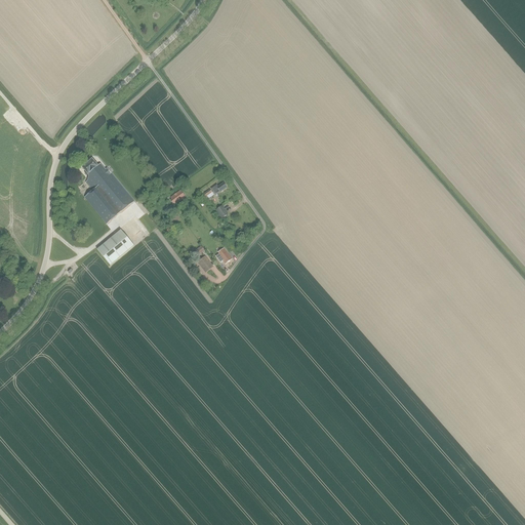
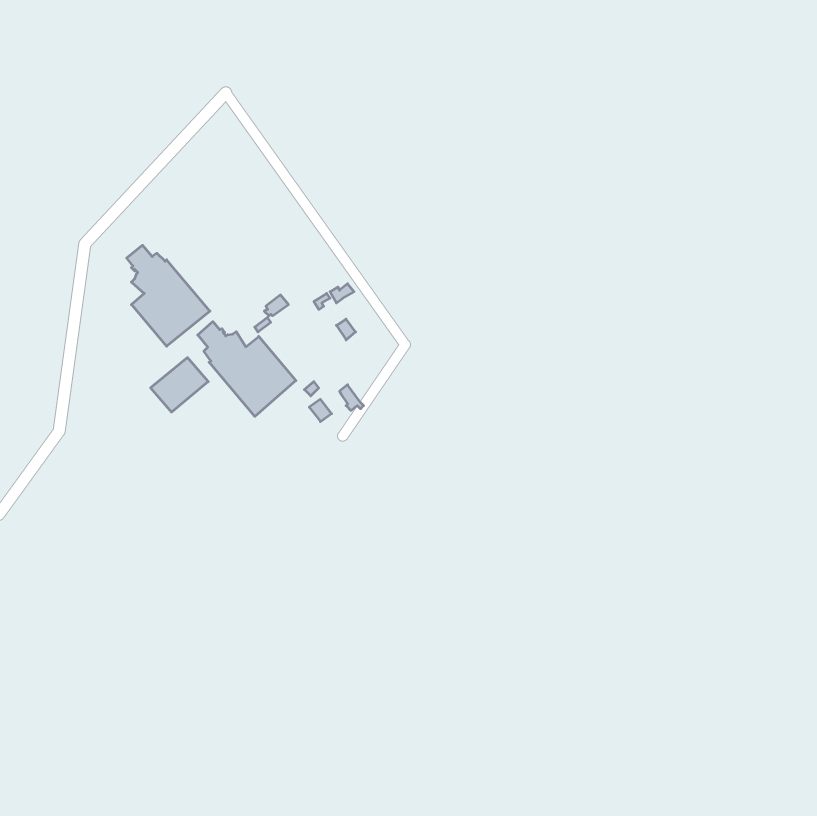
building: none -> [198,322,296,416]

